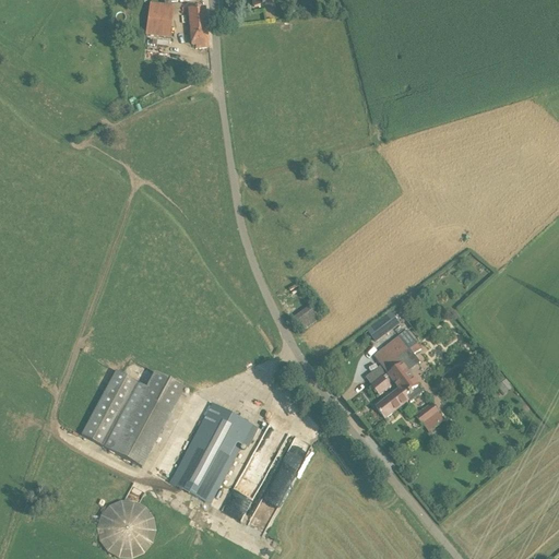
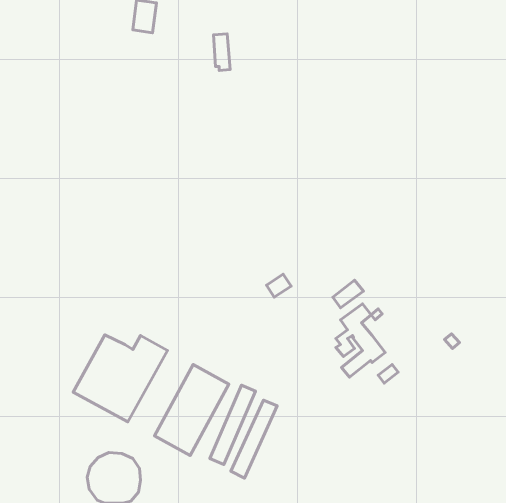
building: [189,7,207,47] -> [213,34,230,71]

